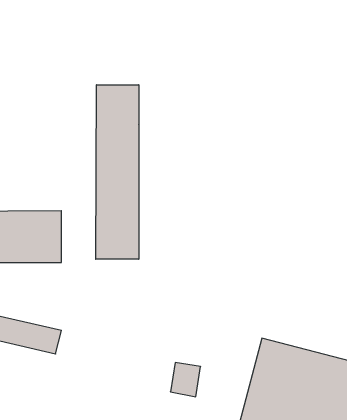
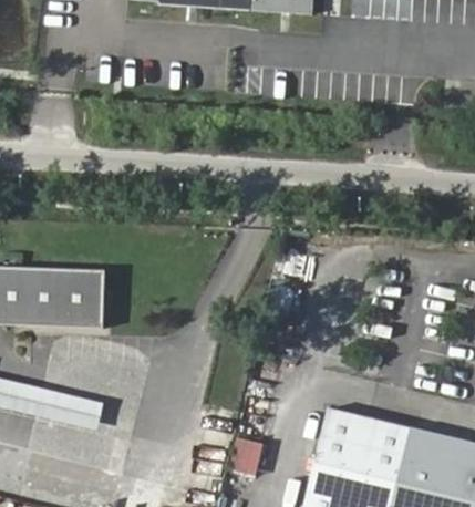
building: [96,85,139,259] -> none

